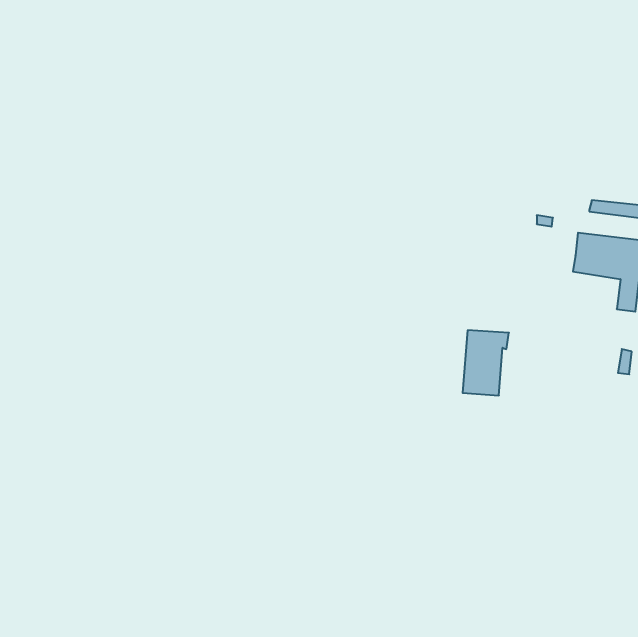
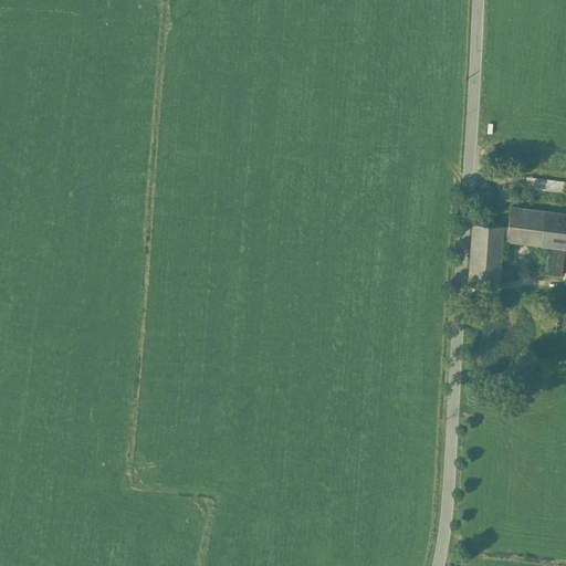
building: [463,330,509,395] -> [469,226,510,283]

